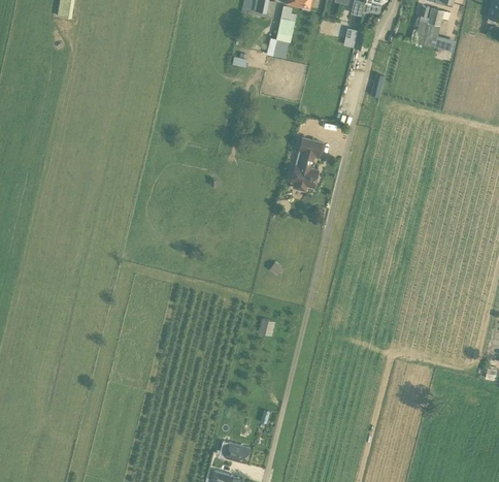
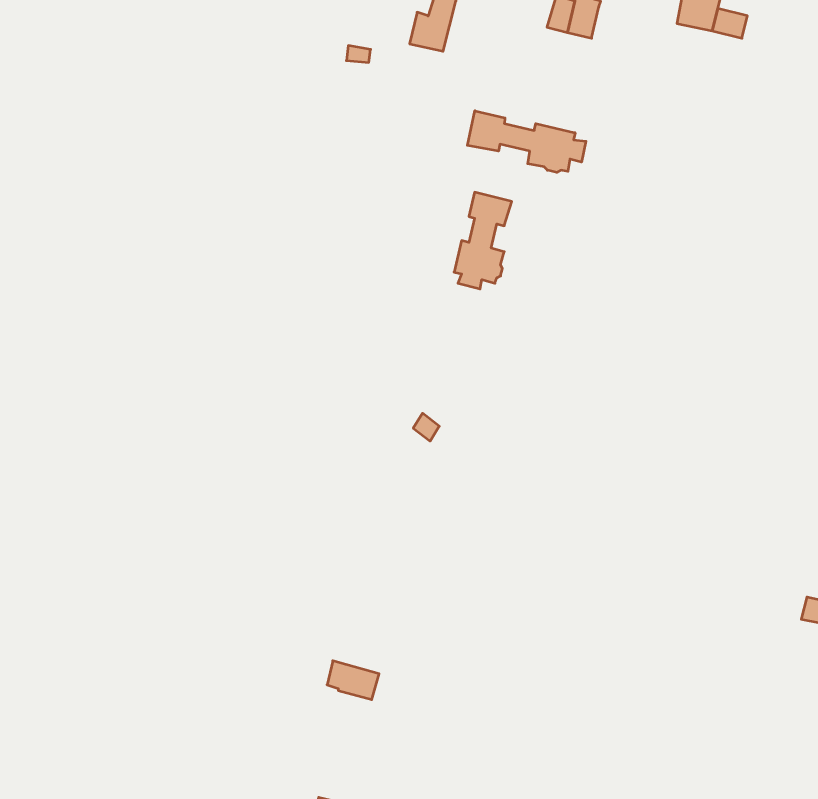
building: none -> [467,111,586,172]
building: [219,440,247,461] -> [327,661,379,700]

